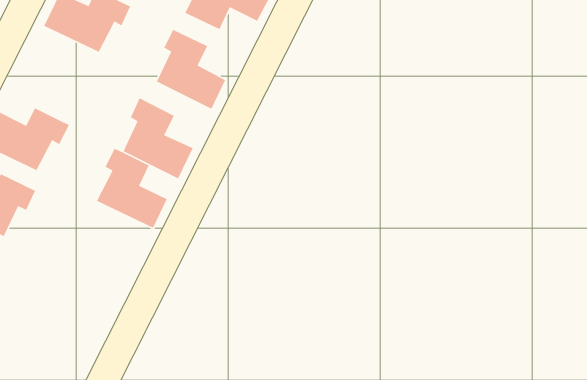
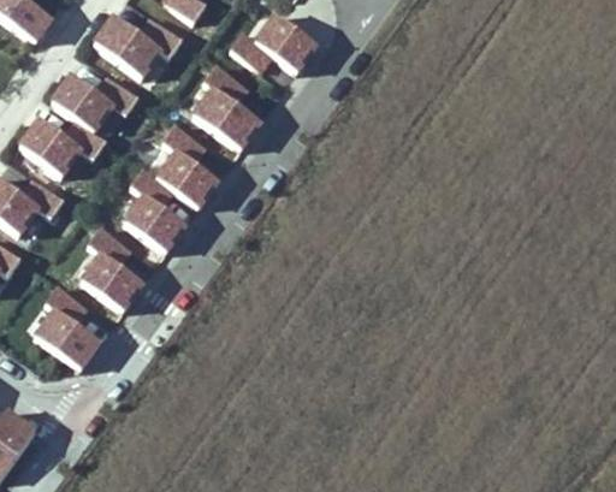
building: none -> [49,71,136,136]
building: none -> [75,225,143,308]
building: none -> [32,285,101,369]

